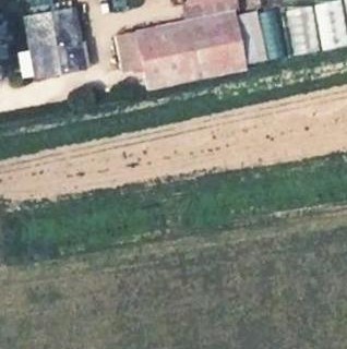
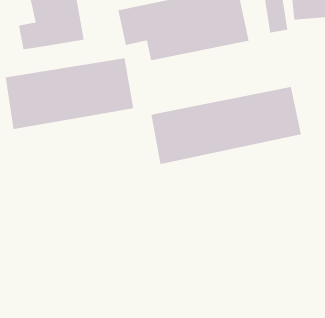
building: none -> [5,58,134,130]
building: none -> [151,86,302,165]

